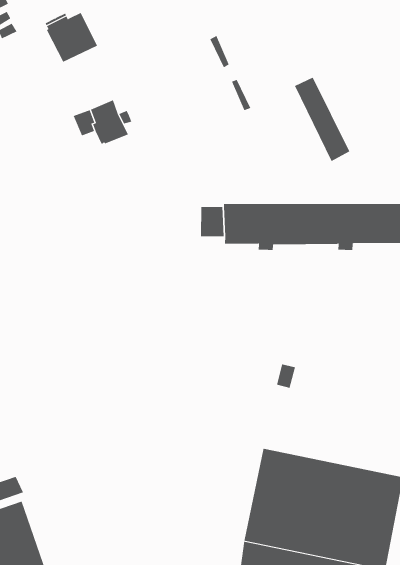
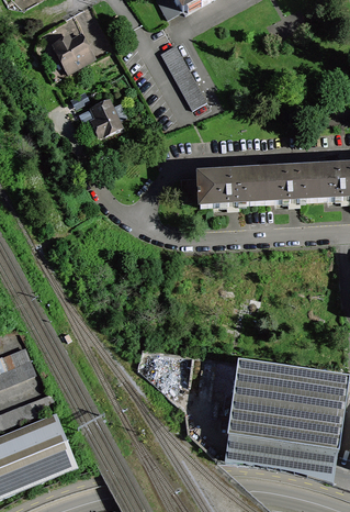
building: [294,77,350,162] -> [160,44,206,109]

